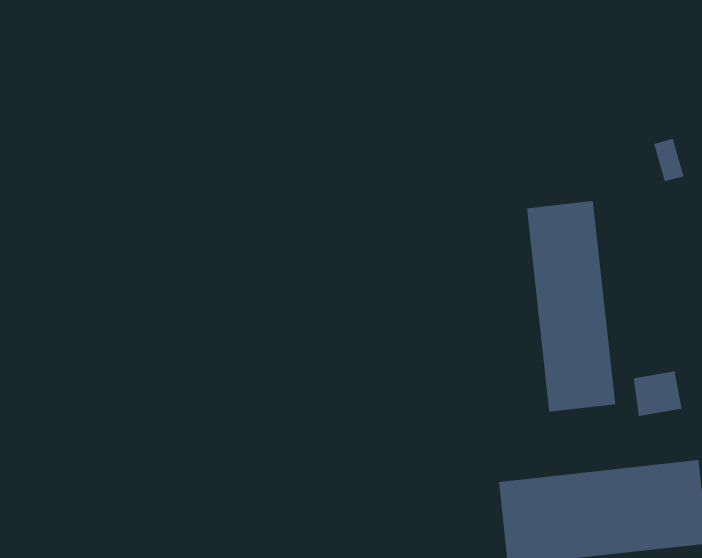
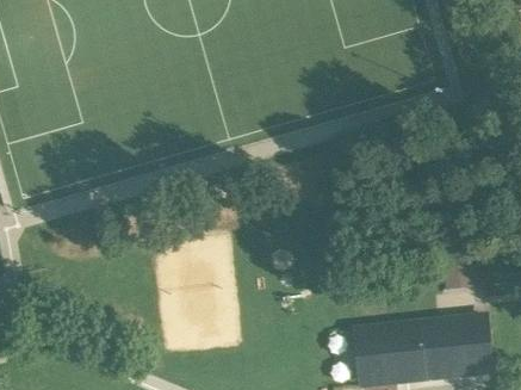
building: [526,200,616,412] -> none

